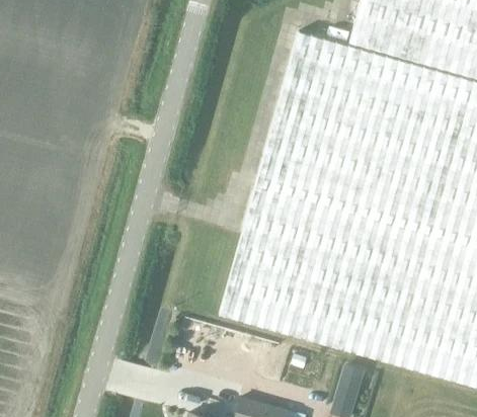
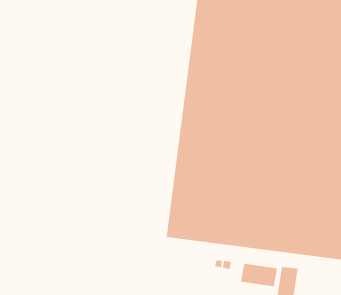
building: none -> [240,263,278,287]

